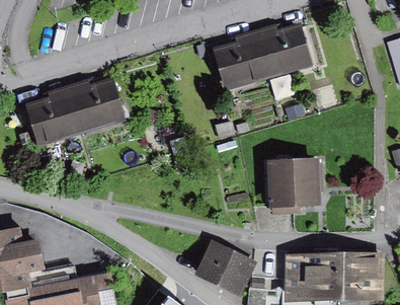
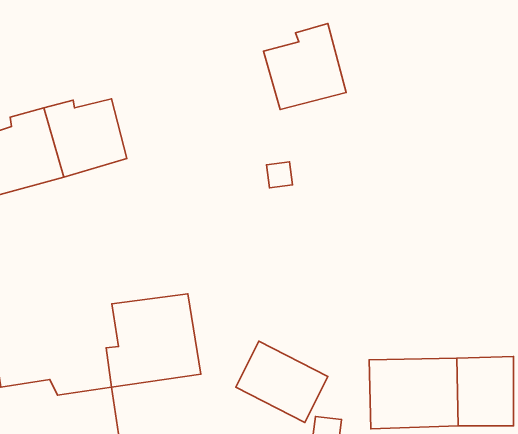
building: [257,23,313,77] -> none
building: [267,157,319,215] -> none
building: none -> [106,294,201,387]

